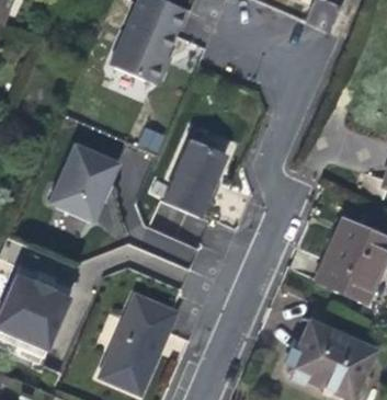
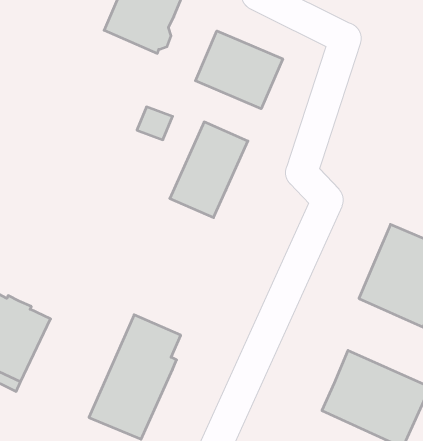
building: none -> [195,31,283,109]
building: [49,142,118,219] -> none

